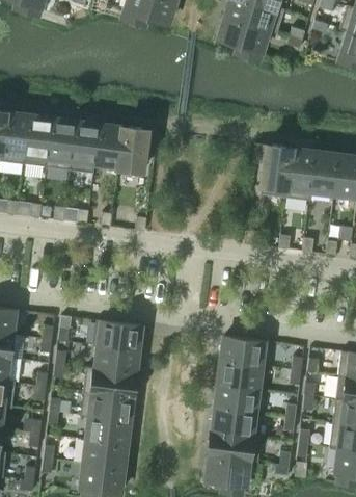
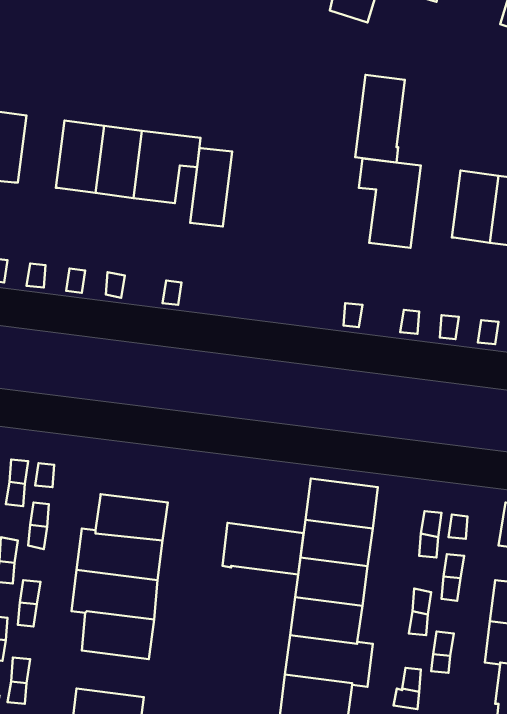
building: [45,117,76,171] -> none
building: none -> [190,148,232,226]
building: [284,148,314,201] -> [355,75,405,162]
building: [92,320,141,351] -> [222,523,303,574]
building: [83,441,127,469] -> none

